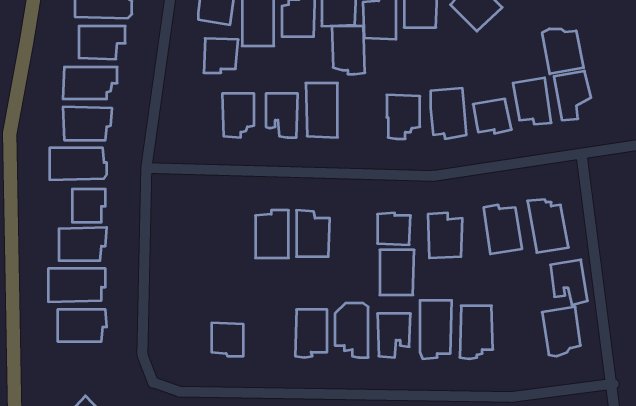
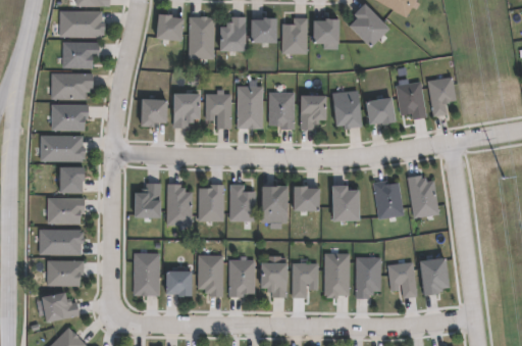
building: [332,26,365,74] -> [269,92,295,129]
building: [542,29,584,74] -> none
building: [204,38,238,73] -> [140,99,166,126]
building: none -> [133,183,160,217]
building: none -> [167,183,193,225]
building: [380,250,414,295] -> [261,187,288,221]
building: [550,260,588,305] -> [388,262,417,297]
building: none -> [135,253,159,295]
building: none -> [199,255,222,296]
building: none -> [41,292,80,322]

